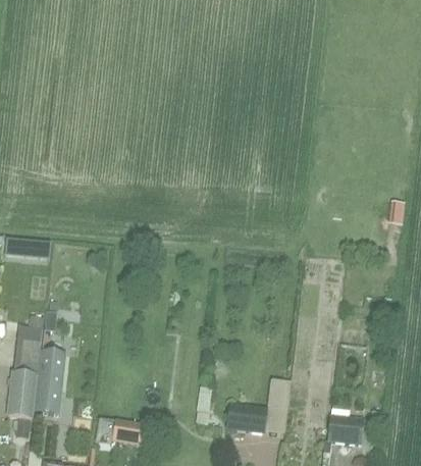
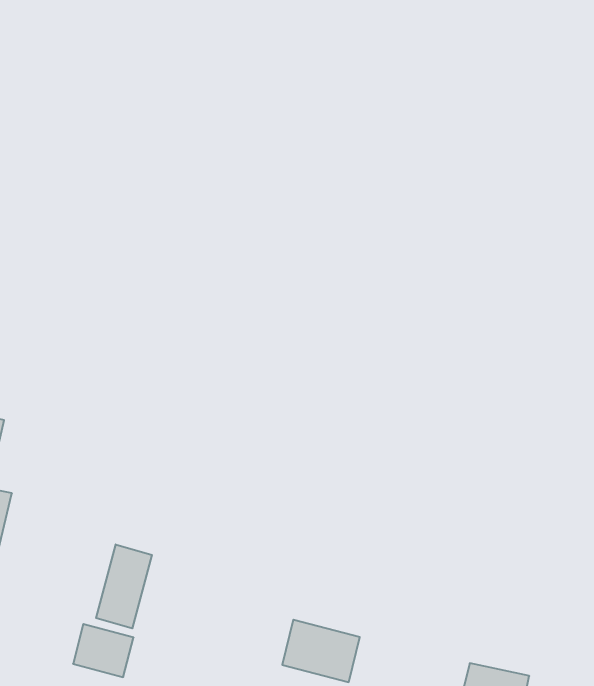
building: none -> [96,544,152,628]

